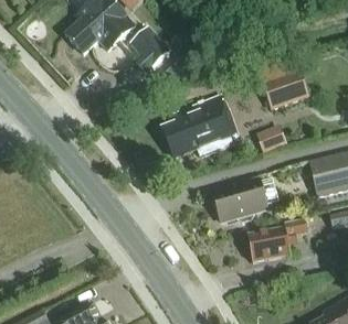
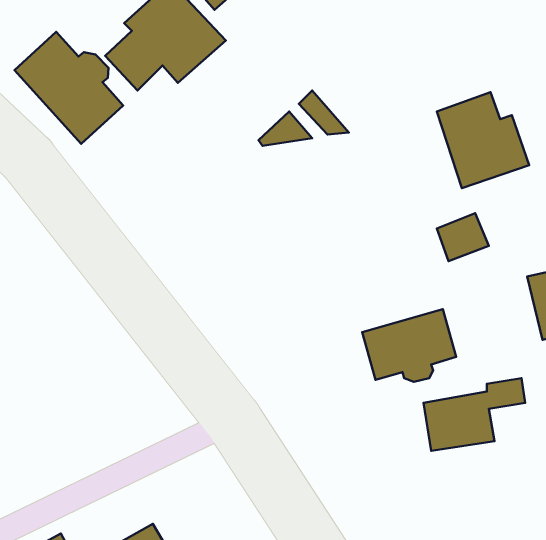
building: none -> [14,32,123,144]
building: [129,25,169,72] -> none
building: [162,96,239,158] -> none

